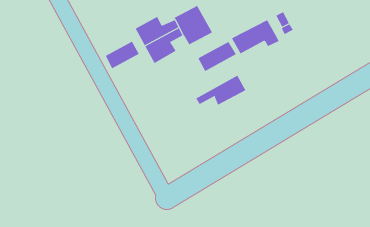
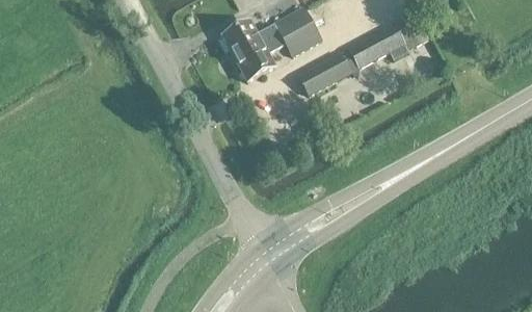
building: [105,41,140,69] -> none
building: [195,75,246,105] -> none

